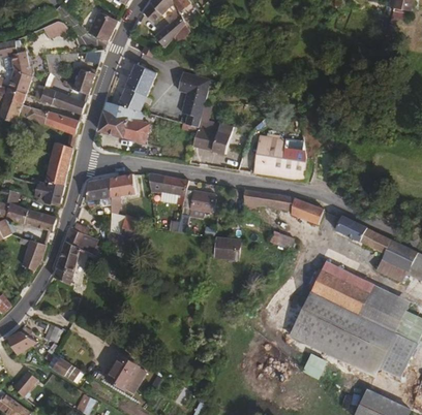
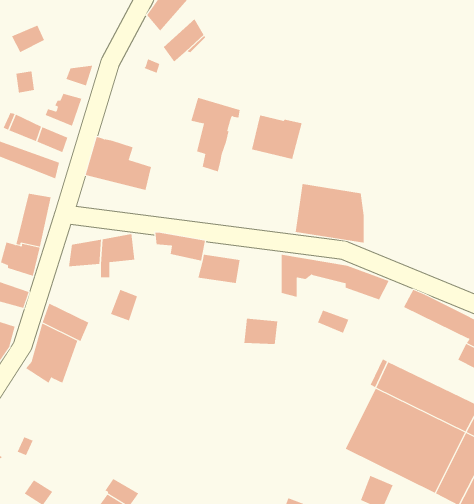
building: [88,10,118,41] -> none
building: [118,62,156,110] -> none
building: [192,120,231,153] -> [251,115,303,159]

